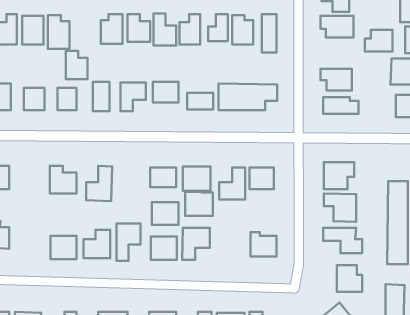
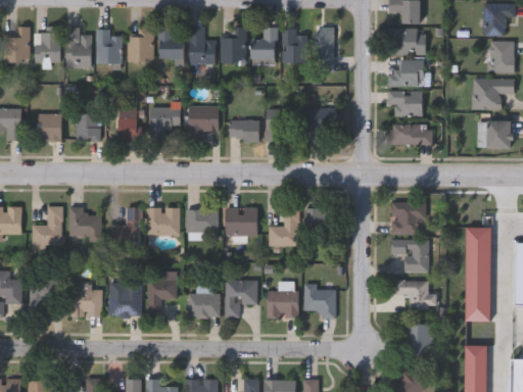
building: [365,30,392,51] -> [390,61,423,87]
building: [66,51,88,79] -> [96,30,122,63]
building: none -> [31,206,60,245]
building: [185,192,213,216] -> [266,289,298,317]
building: [152,202,179,225] -> [146,207,178,234]
building: none -> [29,280,57,315]

